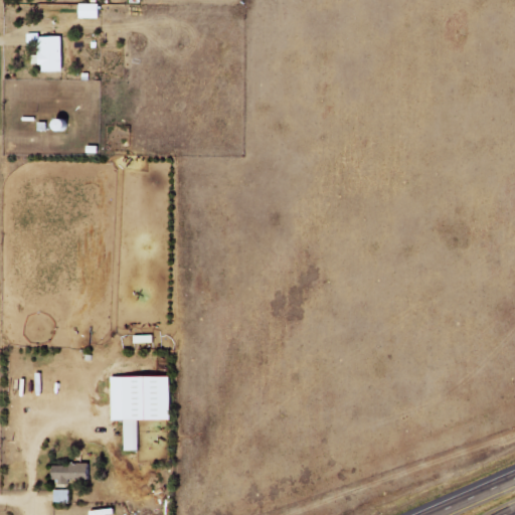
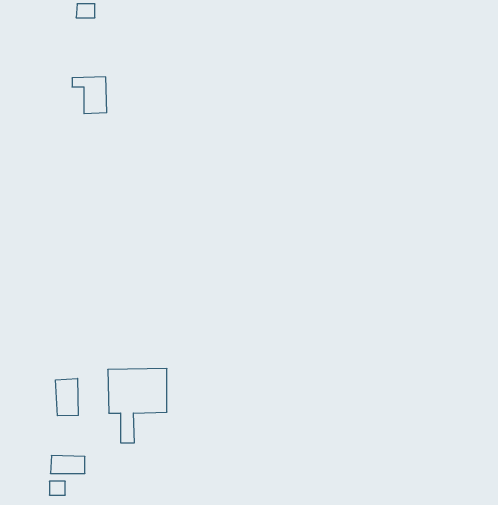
building: [25,35,60,72] -> [72,77,107,114]
building: none -> [56,378,78,416]

